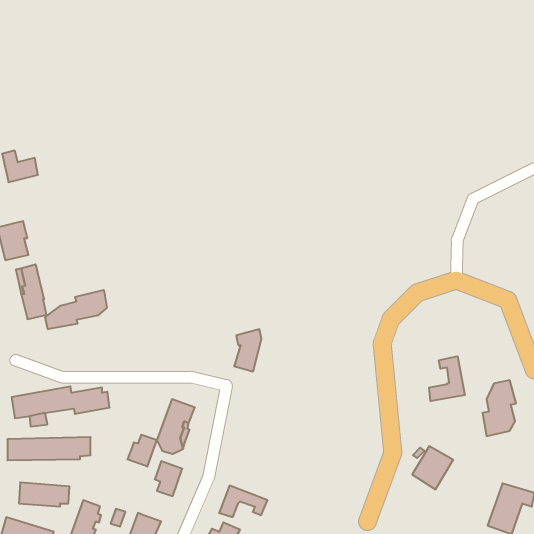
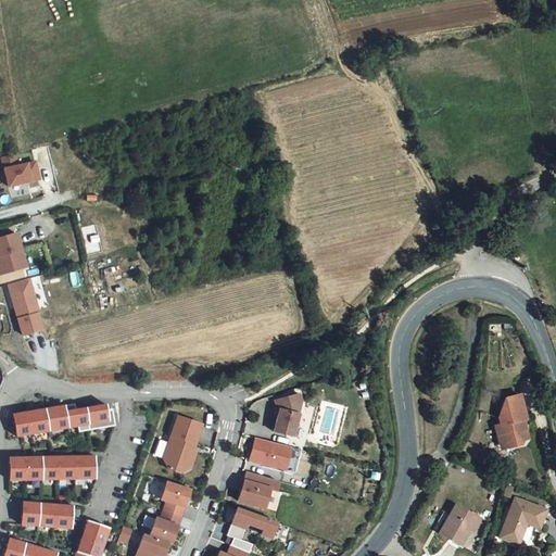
building: [45,290,107,329] -> none
building: [234,329,261,371] -> [274,390,302,433]
building: [429,356,465,401] -> none
building: none -> [249,434,291,466]
building: [127,435,157,467] -> [148,510,178,543]
building: [412,446,453,489] -> [444,503,486,547]
building: none -> [238,469,278,505]

